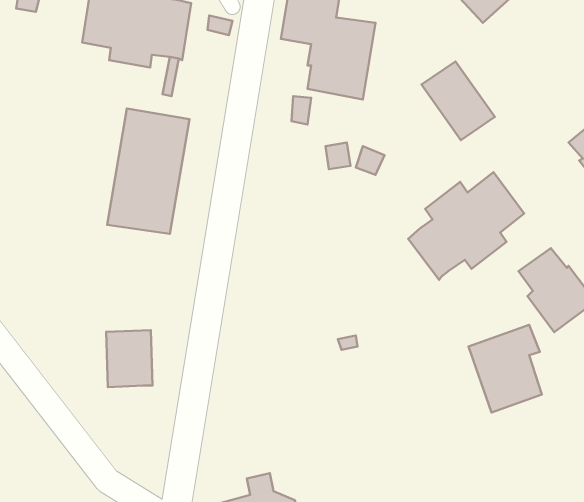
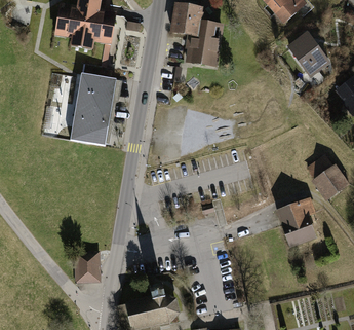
building: [422,61,495,140] -> [287,32,329,77]
building: [408,172,524,280] -> none
building: [106,330,153,387] -> [75,250,102,283]

